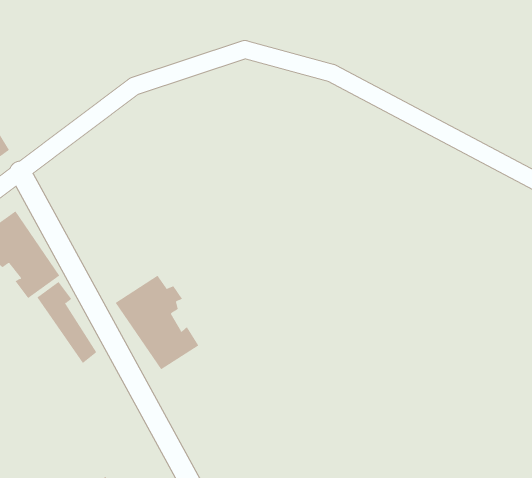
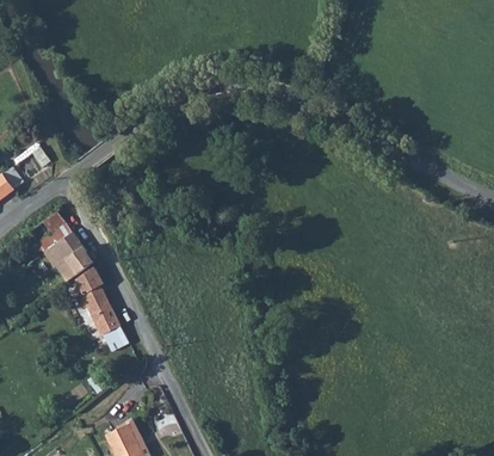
building: [115,275,199,370] -> none

